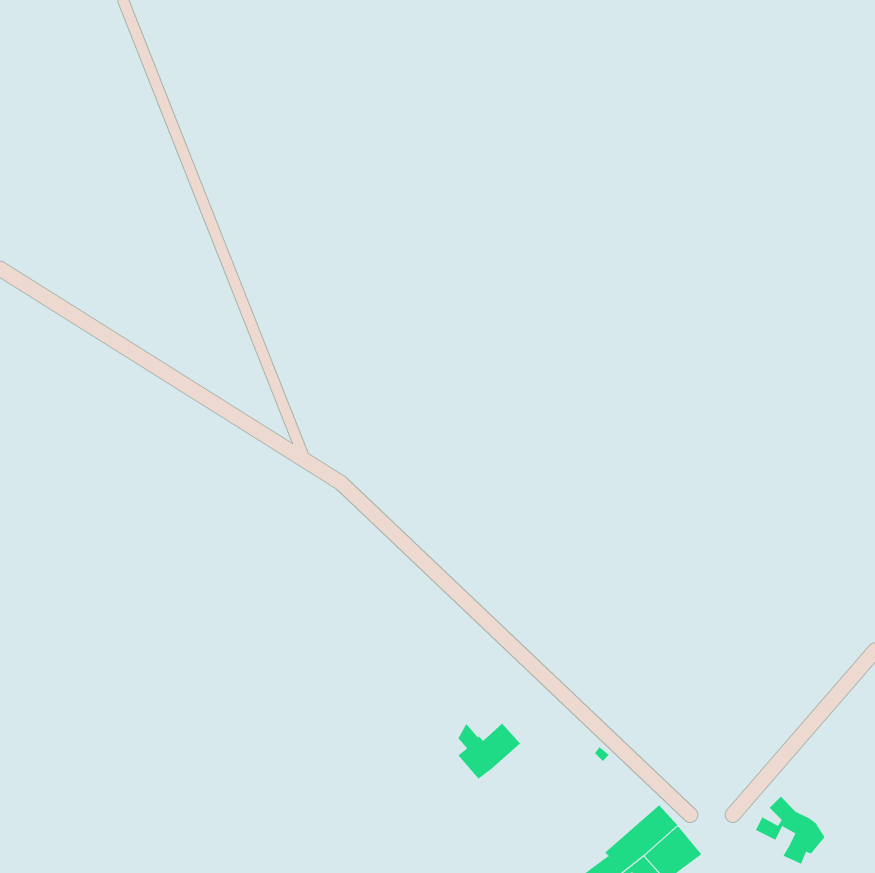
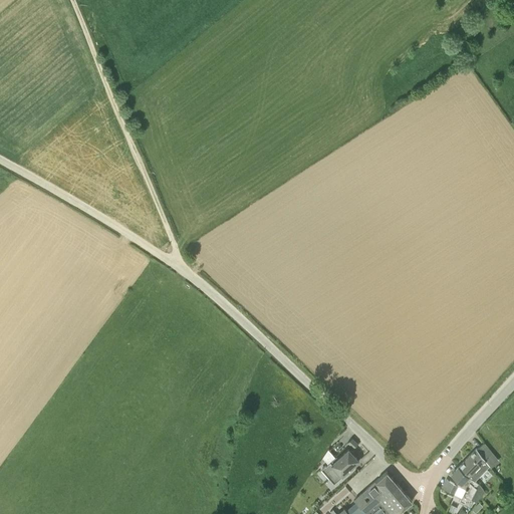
building: [458,723,521,779] -> [322,450,359,483]
building: none -> [458,449,489,481]

